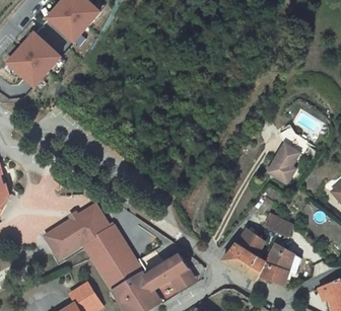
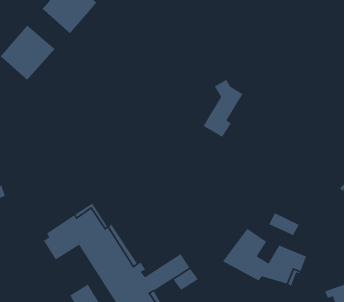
building: [267,126,306,182] -> [202,79,243,138]

